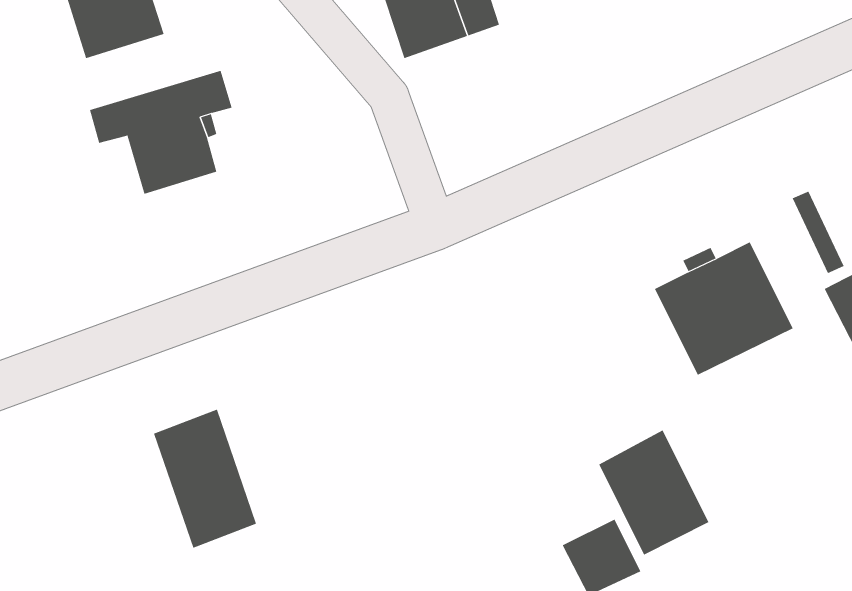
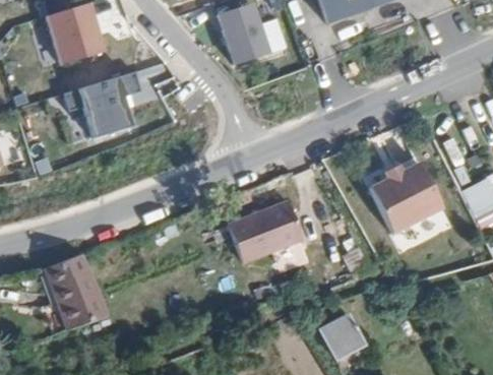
building: none -> [226,202,301,265]
building: [153,409,257,548] -> [46,255,102,330]
building: [599,430,709,556] -> none

